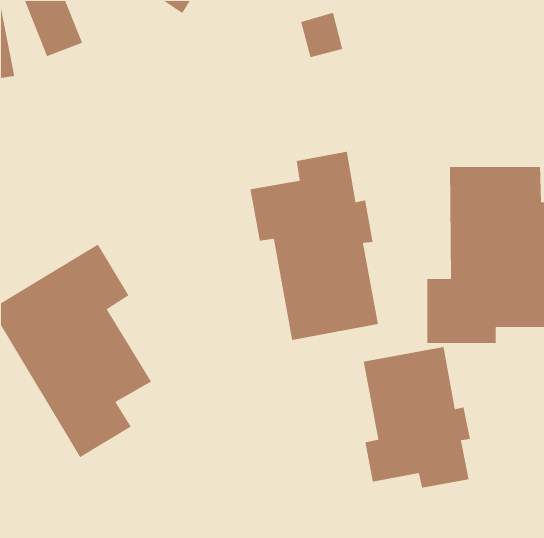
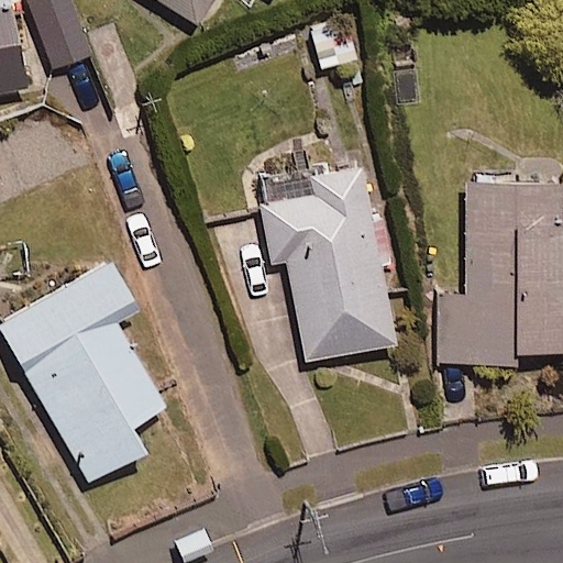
building: [363,346,471,489] -> none

